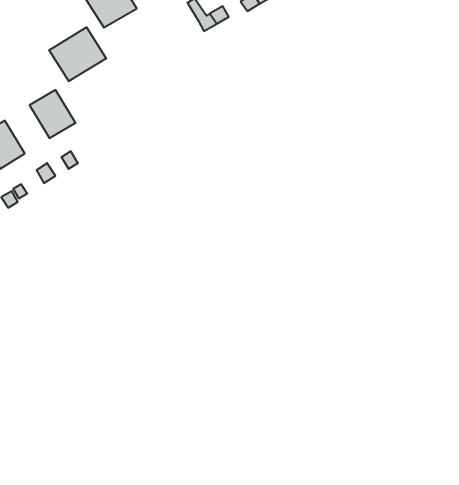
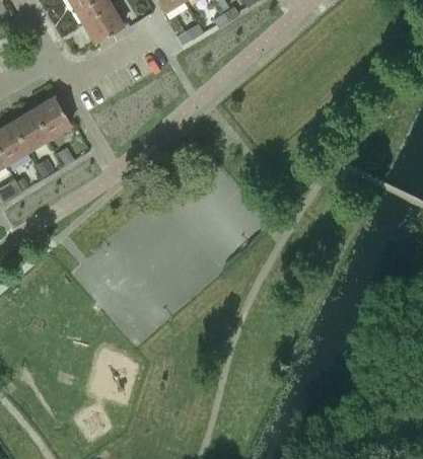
building: [49,27,106,81] -> none
building: none -> [10,109,49,151]

